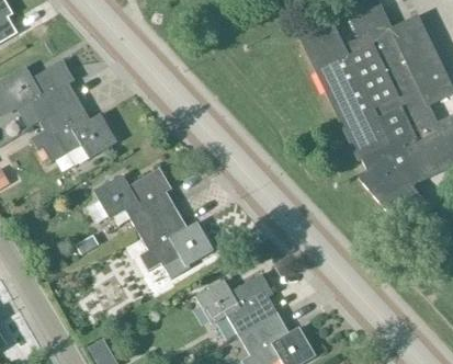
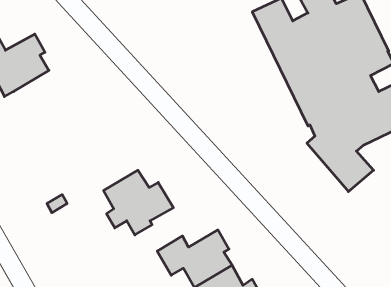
building: [31,100,115,162] -> none
building: [94,168,174,230] -> none

